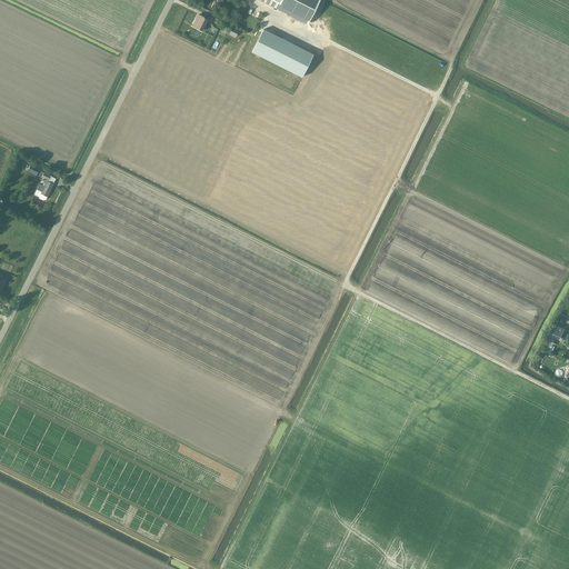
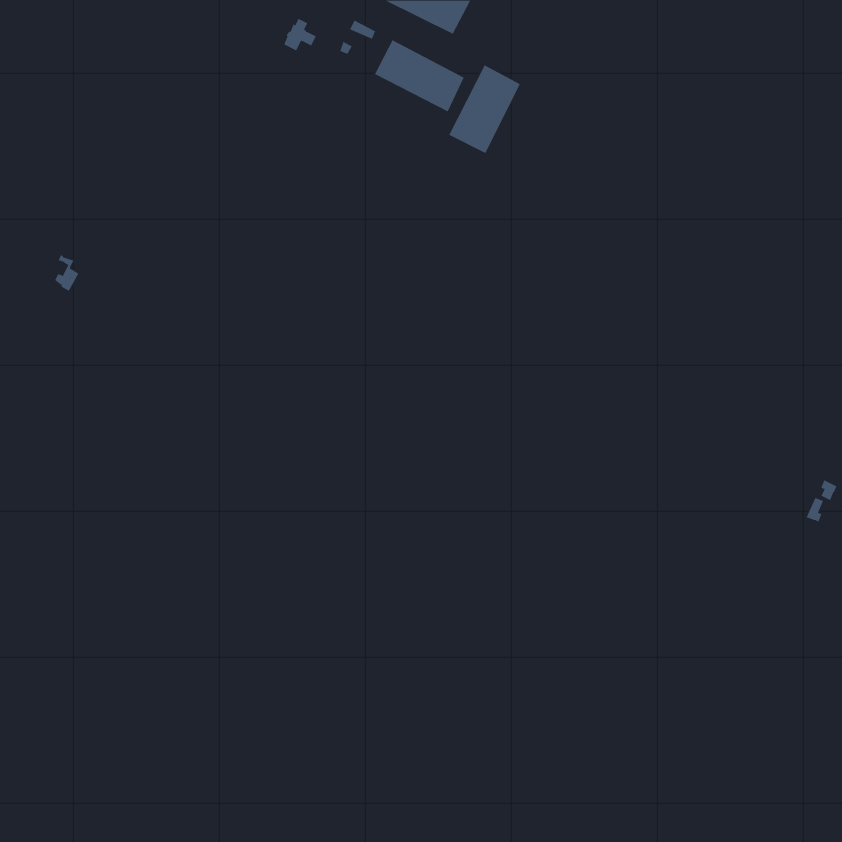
building: none -> [448,64,520,154]

